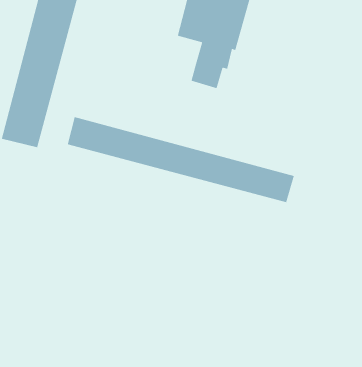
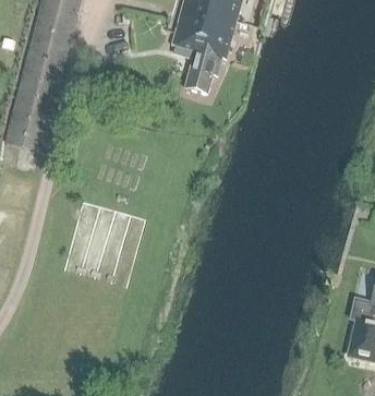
building: [67,116,295,203] -> none

